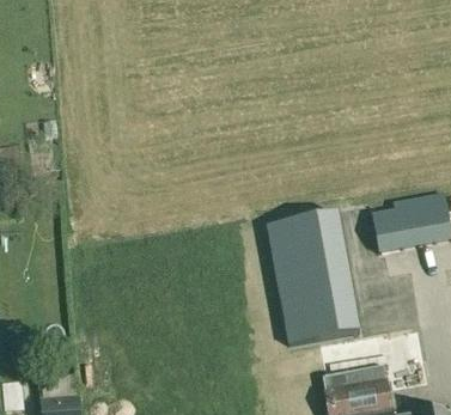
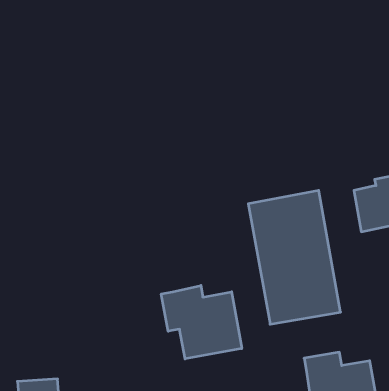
building: none -> [161,285,242,359]

